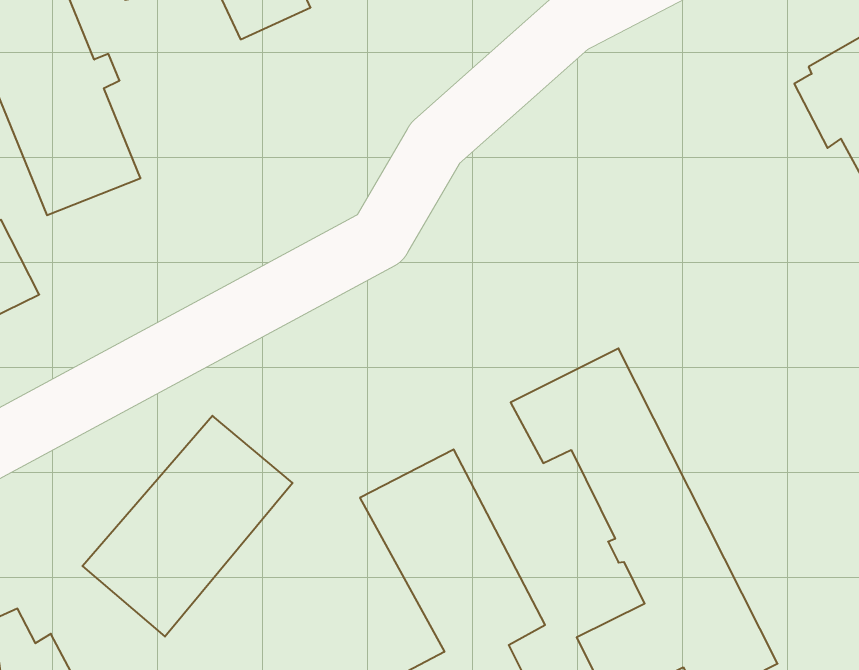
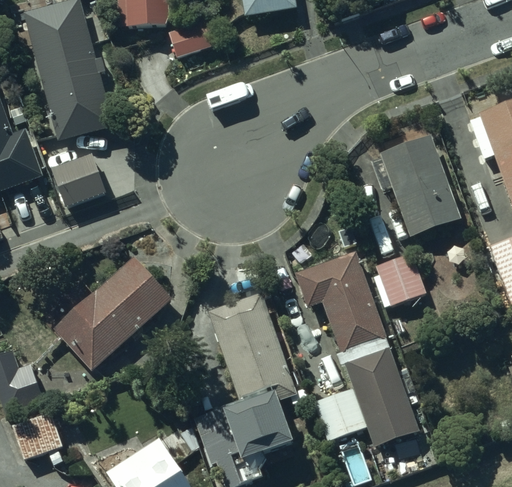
building: none -> [369,126,463,237]
building: none -> [49,153,106,207]
building: none -> [373,252,425,310]

